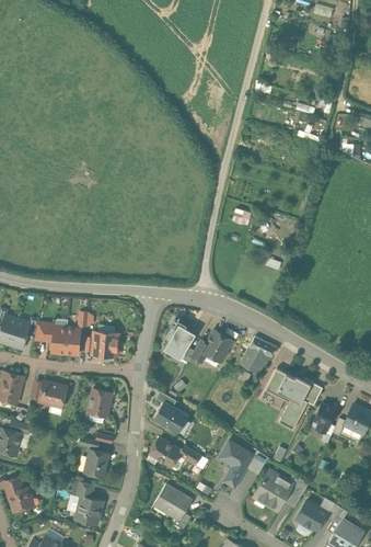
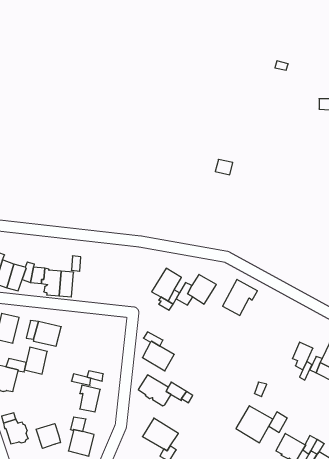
building: [92,331,118,356] -> none
building: [266,368,322,429] -> none
building: [88,388,112,417] -> [25,347,47,374]
building: [218,441,254,490] -> none
building: none -> [36,424,60,448]

